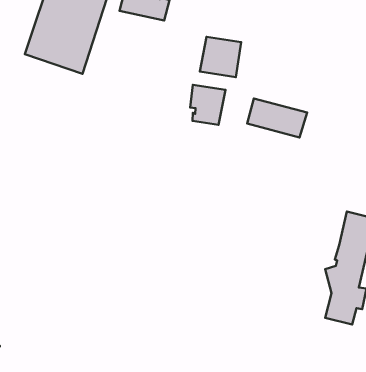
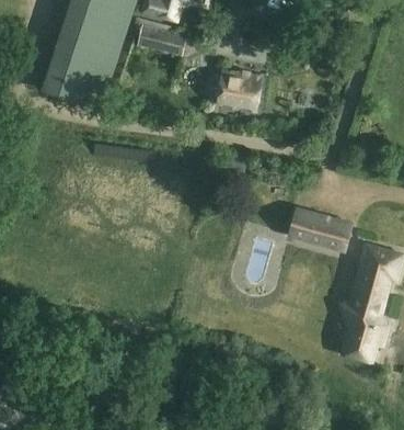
building: [190,85,226,125] -> none
building: [247,98,307,137] -> [290,211,350,250]

